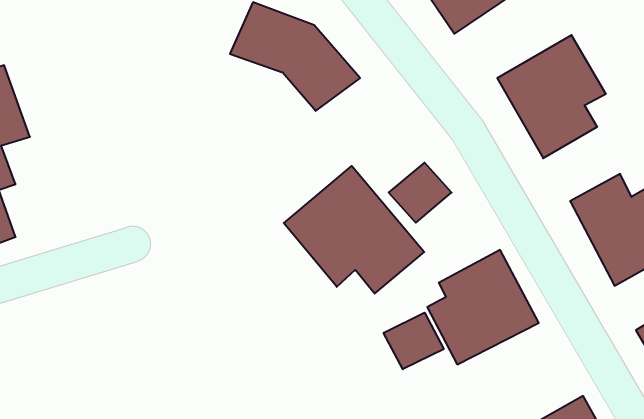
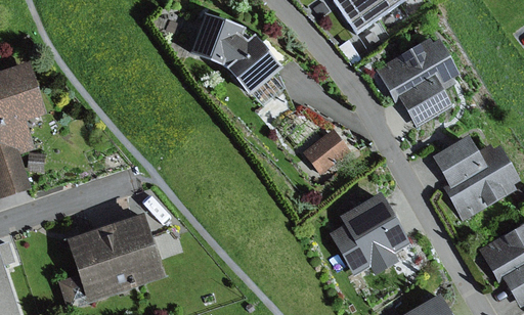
building: [284,166,424,294] -> none
building: none -> [58,212,166,307]
building: [384,313,444,369] -> none

